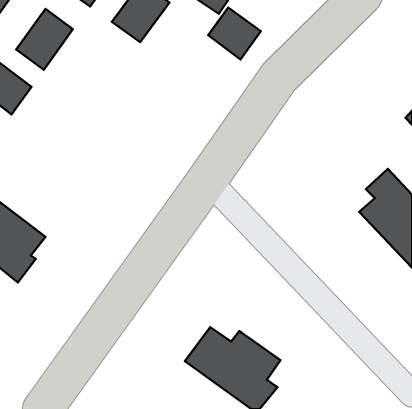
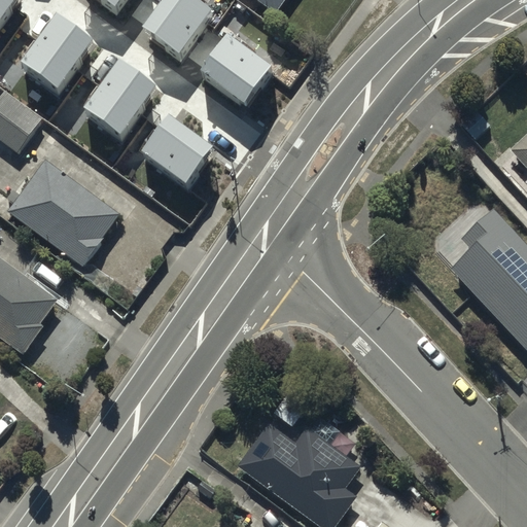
building: [208,8,261,60] -> [201,37,268,103]
building: none -> [82,59,155,135]
building: none -> [144,117,212,183]
building: none -> [9,161,121,269]

